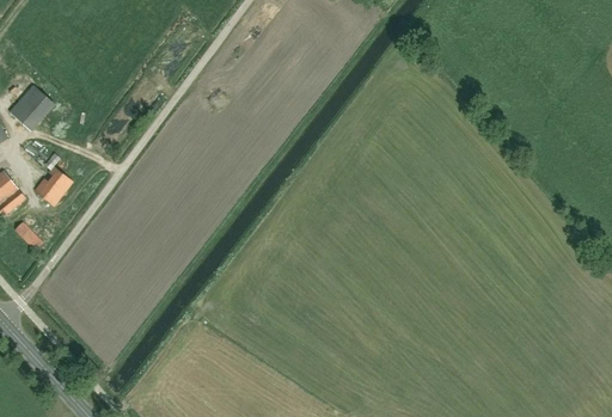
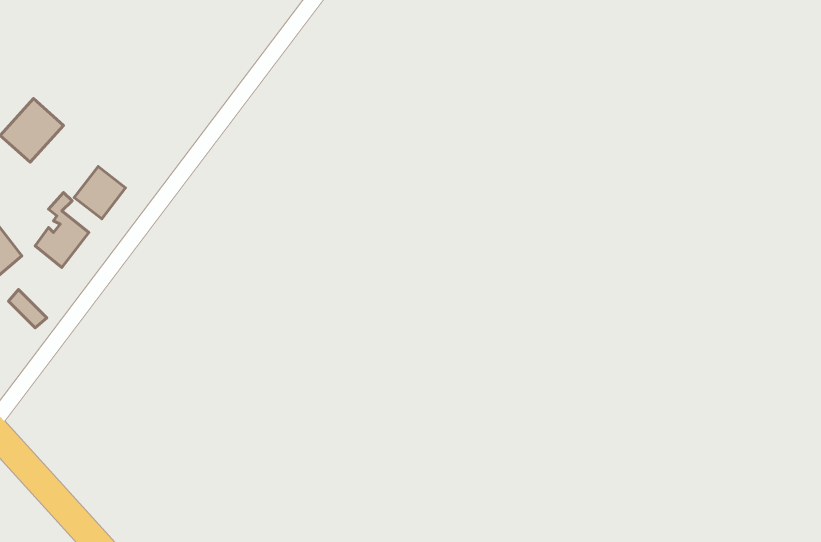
building: none -> [74,166,126,219]

